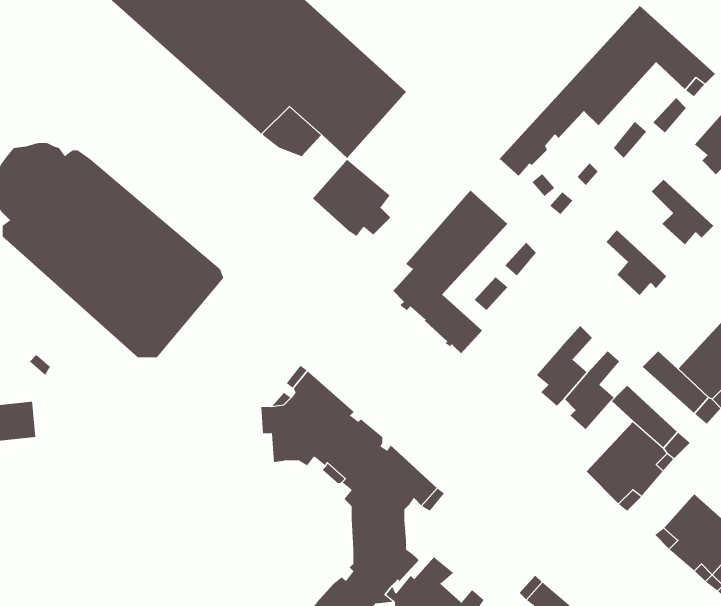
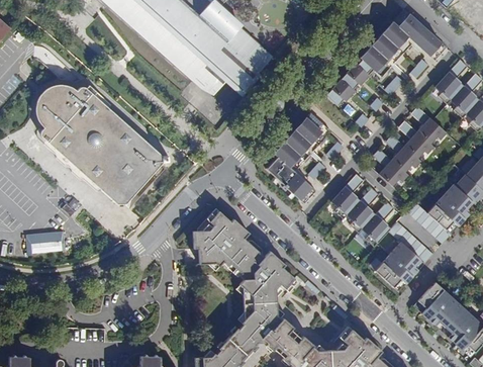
building: [312,159,391,237] -> none
building: none -> [398,119,432,157]
building: none -> [372,148,407,185]
building: none -> [330,173,363,218]

